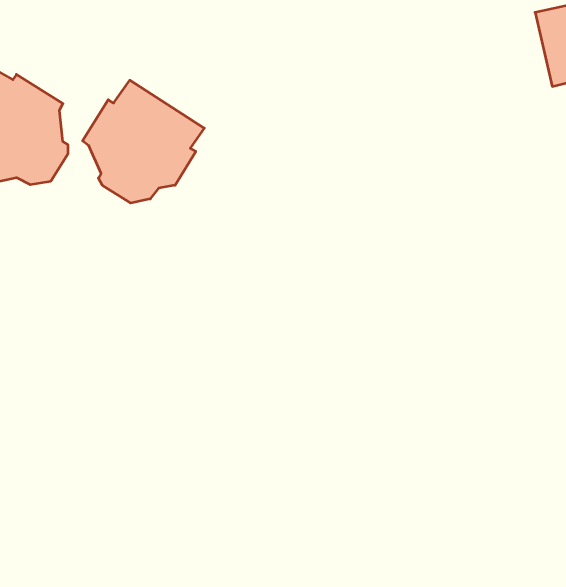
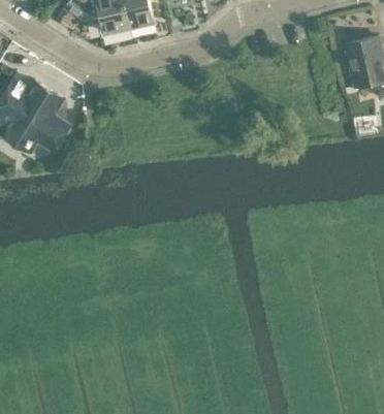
building: [83,80,204,203] -> none

